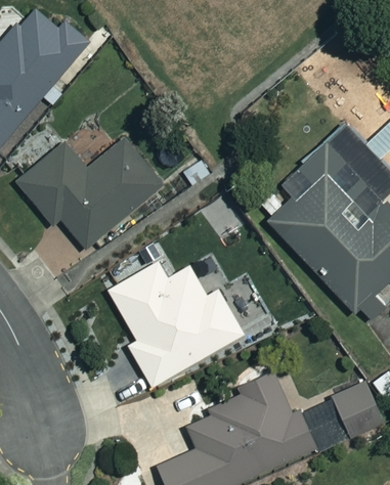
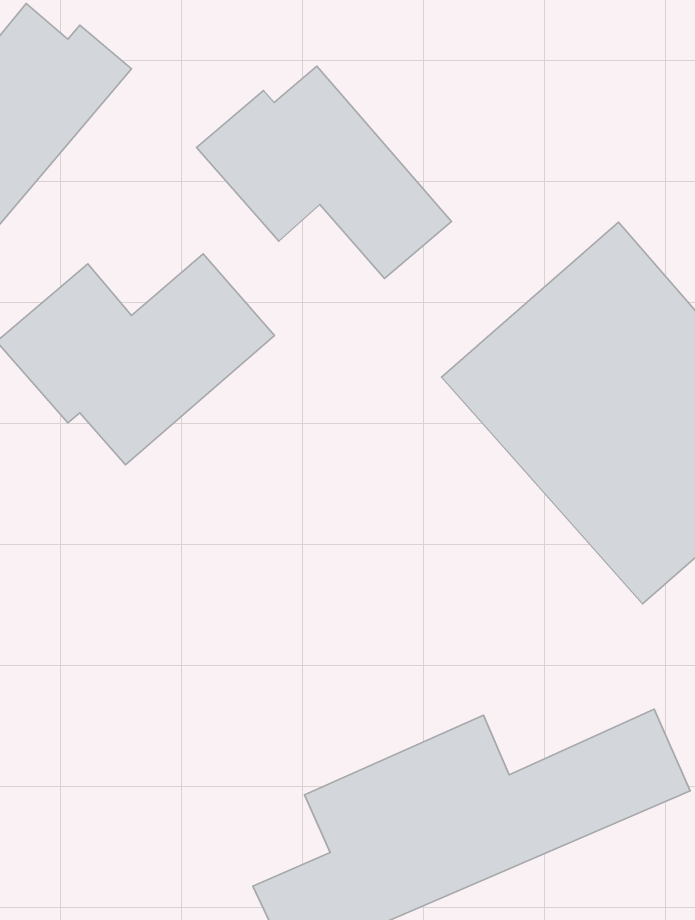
building: none -> [196,66,451,279]
building: [106,260,242,385] -> none

